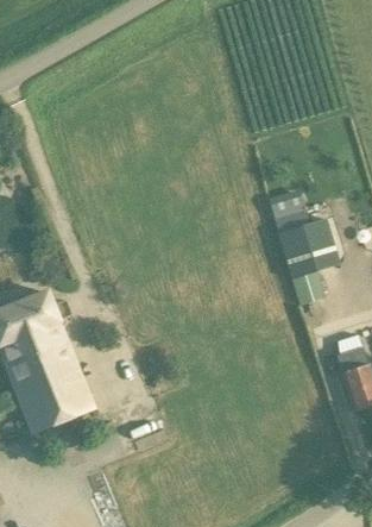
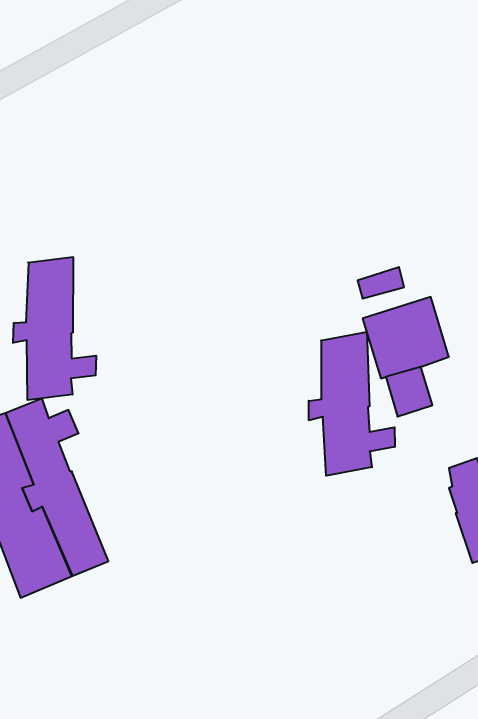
building: none -> [13,257,96,400]
building: none -> [309,332,395,476]

